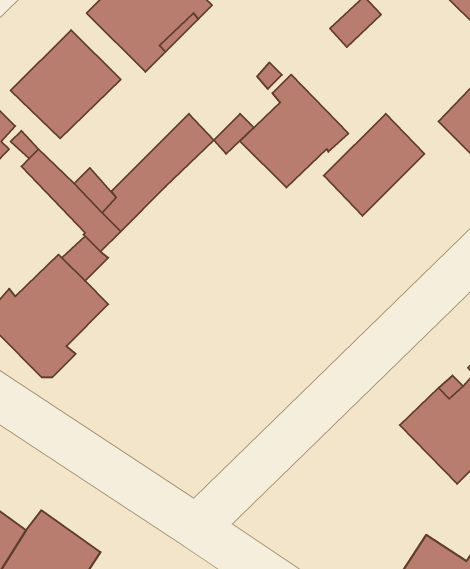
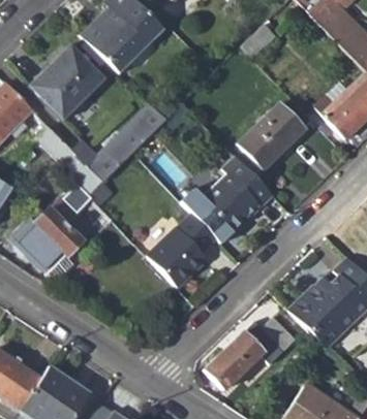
building: [240,75,348,188] -> [201,156,273,231]
building: none -> [147,213,216,289]
building: none -> [206,317,297,389]

